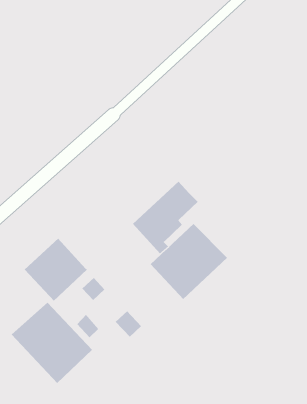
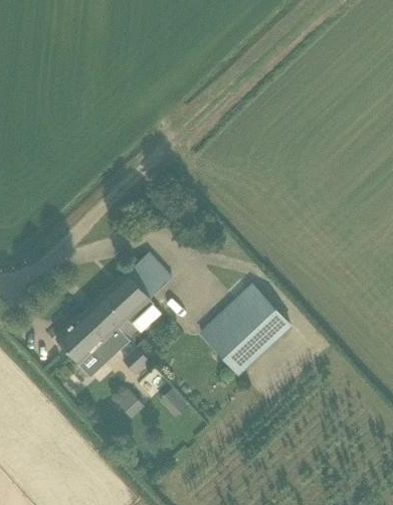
building: [132,181,198,254] -> [94,254,171,338]
building: [11,302,93,384] -> none

